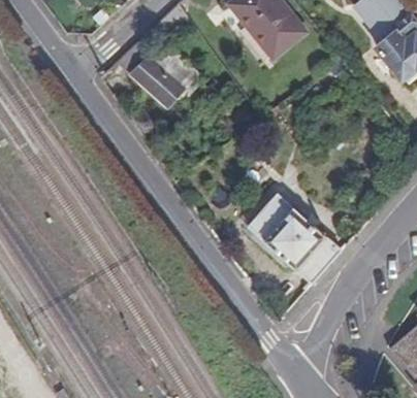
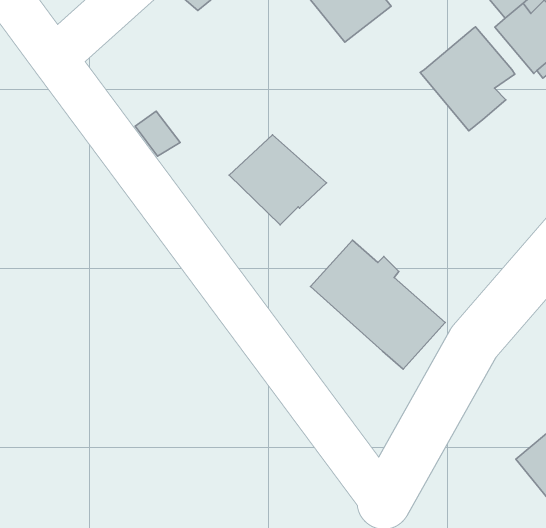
building: [131,44,198,106] -> [229,135,327,225]
building: none -> [420,27,515,131]

